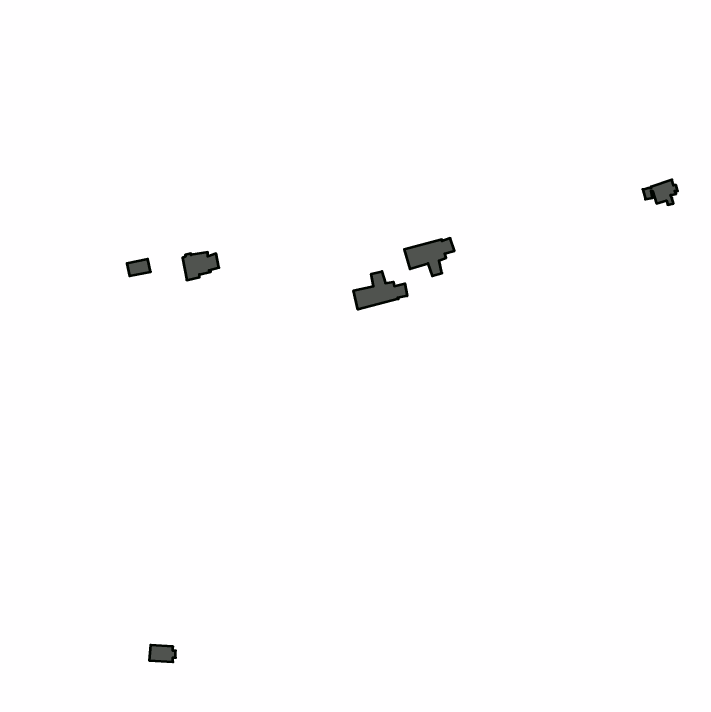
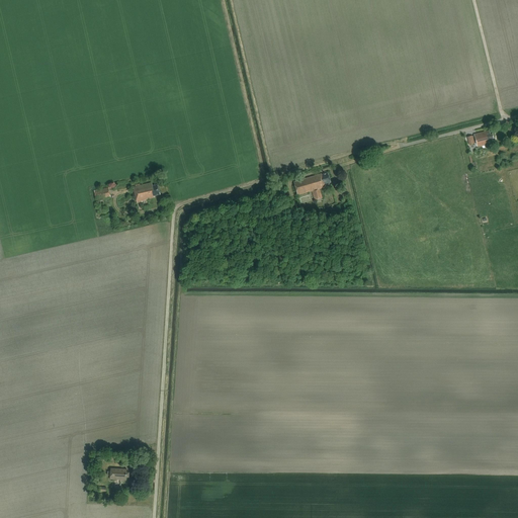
building: [354,271,407,309] -> none

